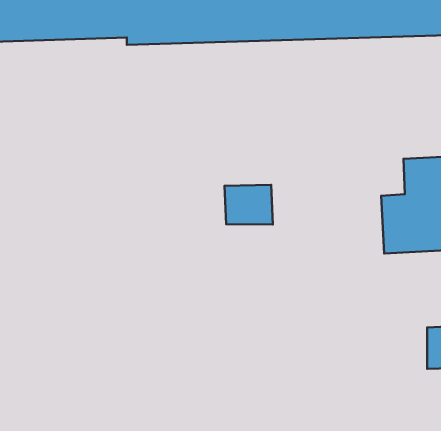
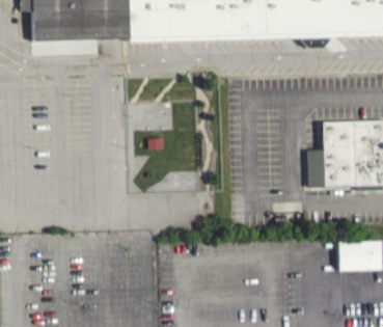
building: [224,185,273,224] -> none

